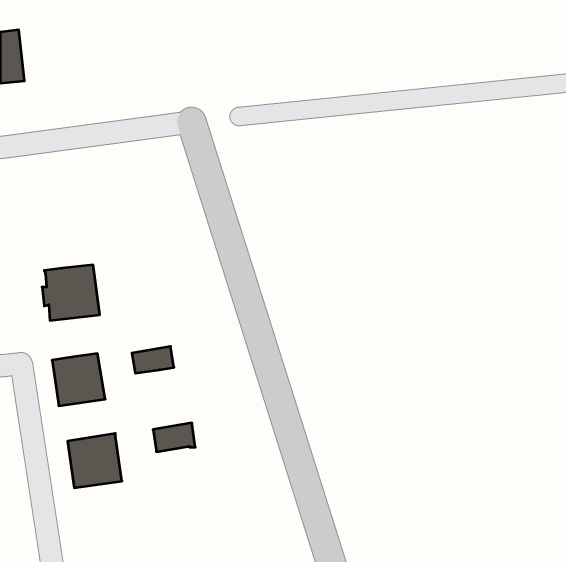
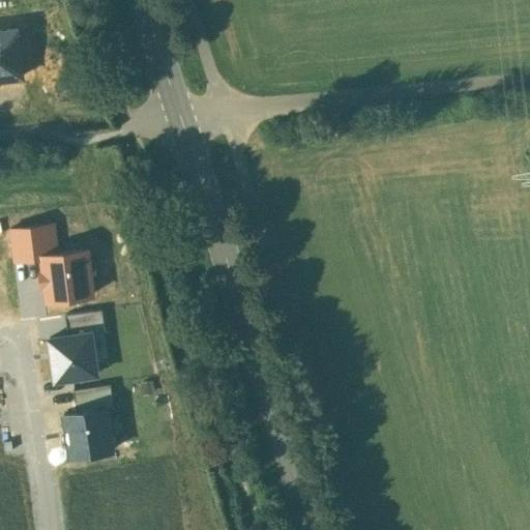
building: none -> [10,227,58,264]
building: [132,346,174,373] -> [65,313,105,337]
building: [153,423,195,452] -> [73,387,113,414]

